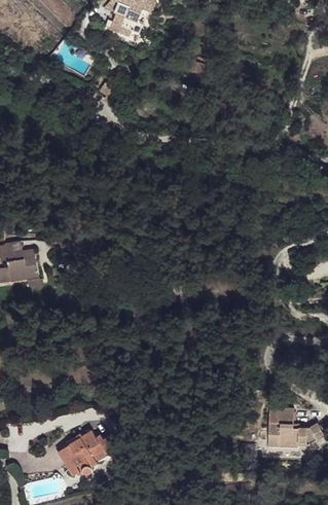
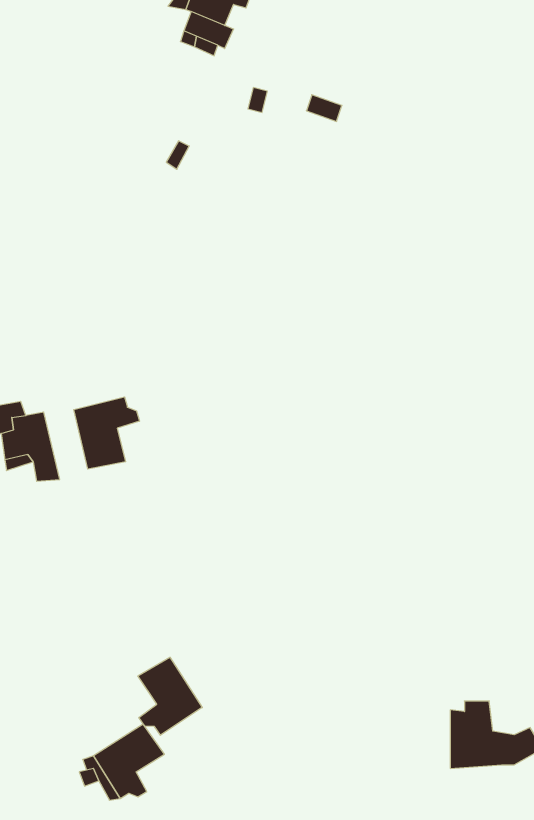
building: none -> [74,397,139,469]
building: none -> [138,657,202,735]

